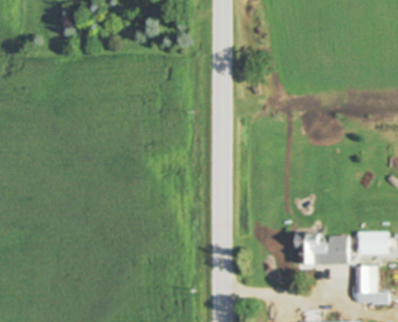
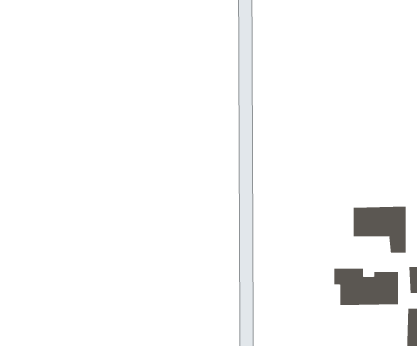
building: none -> [353,206,406,253]

